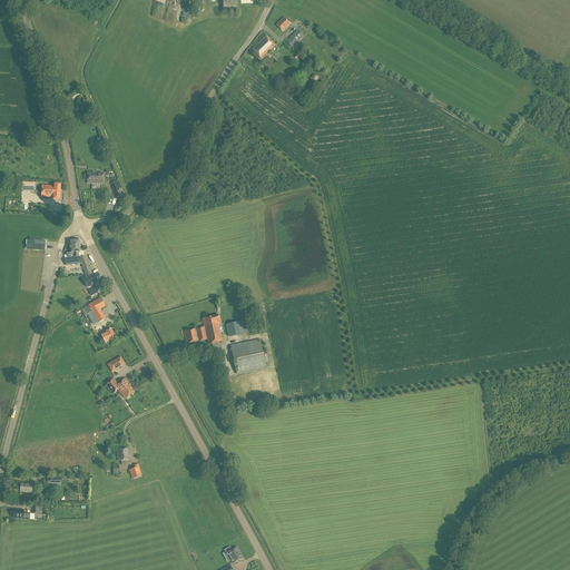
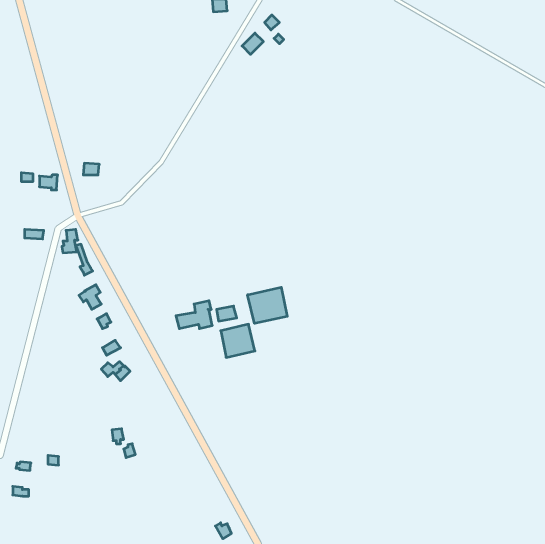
building: none -> [248,287,287,323]

